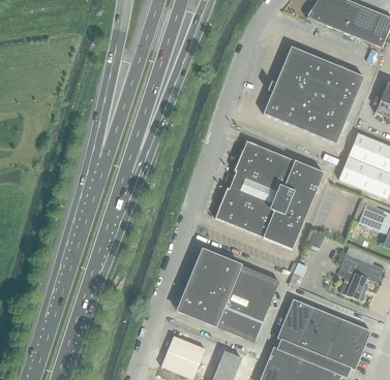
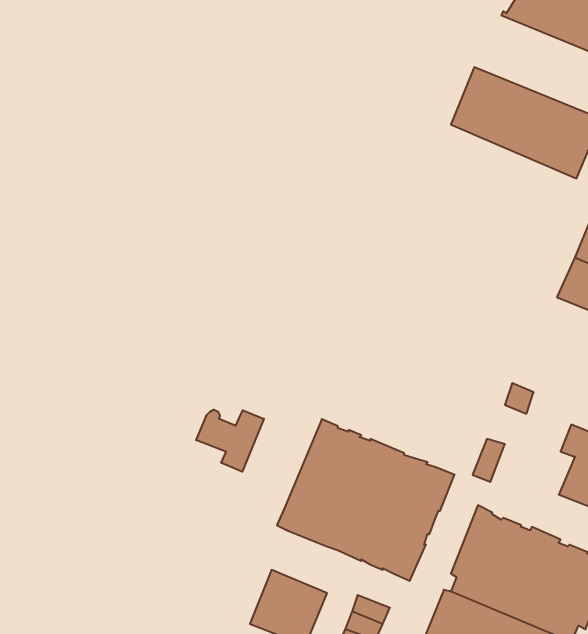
building: [263,80,350,144] -> none
building: [215,140,324,249] -> none
building: none -> [196,410,264,472]

